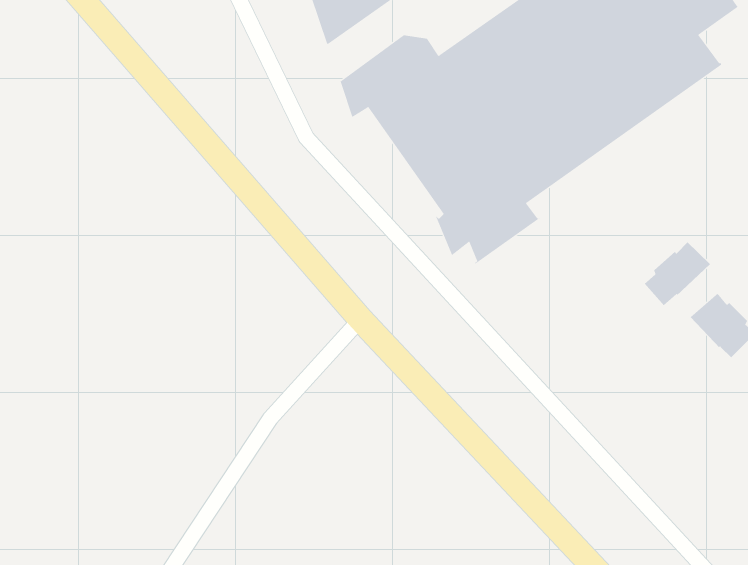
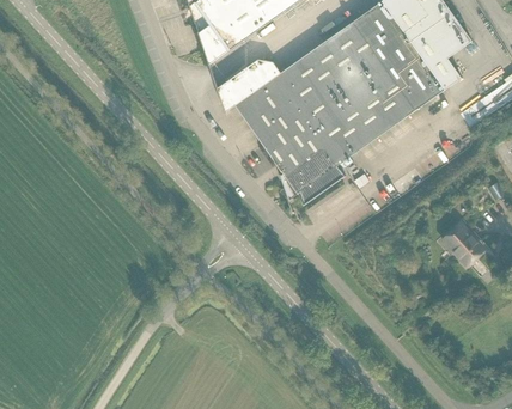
building: [644,241,711,306] -> none

